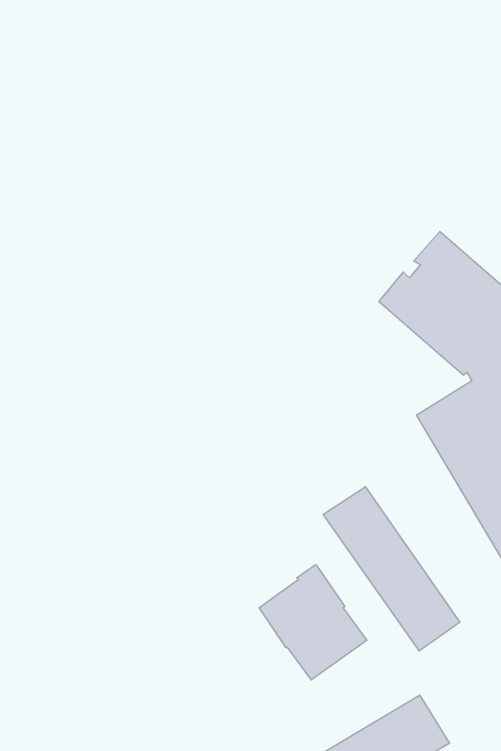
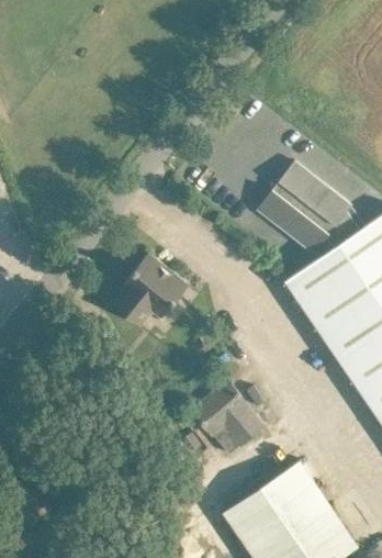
building: none -> [114,255,189,327]
building: [323,487,460,651] -> none

